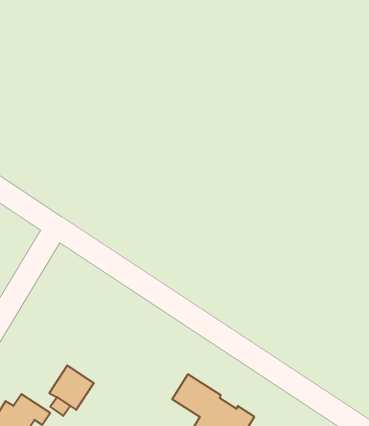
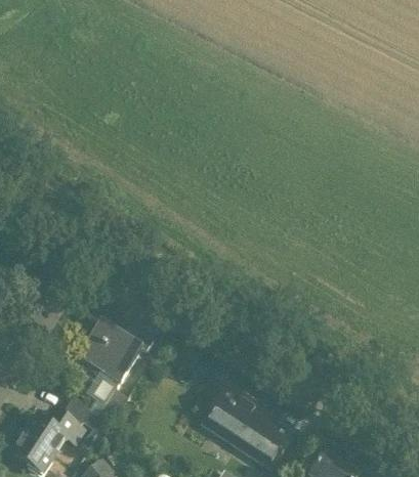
building: none -> [79,318,154,375]

